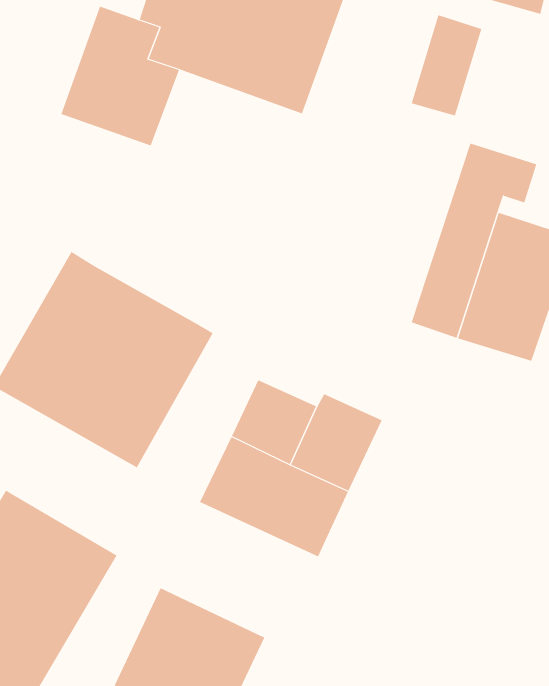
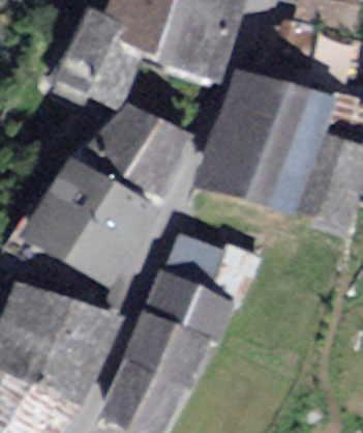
building: none -> [200,74,299,200]
building: none -> [81,103,179,202]
building: none -> [119,305,211,386]

